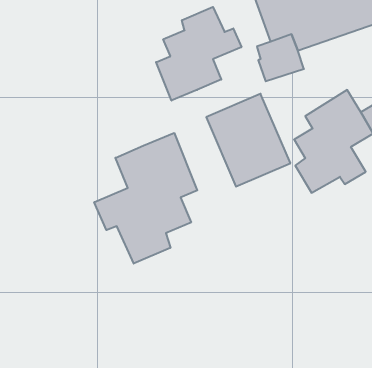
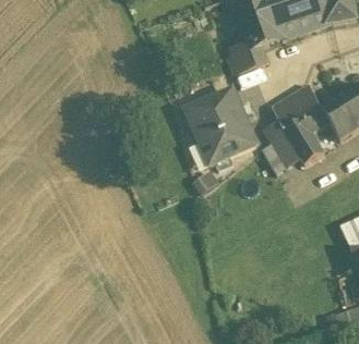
building: [156,7,241,101] -> none
building: [94,133,197,264] -> none

